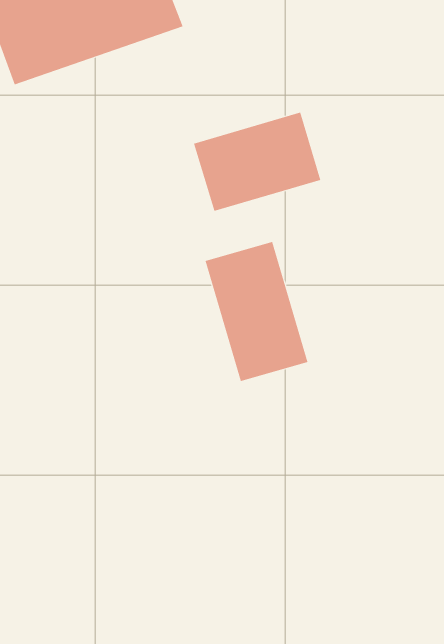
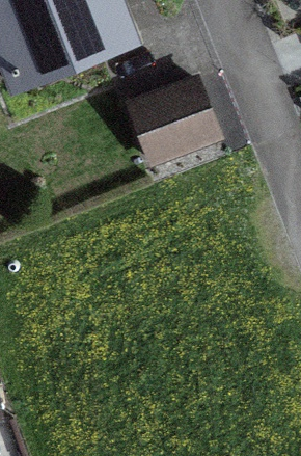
building: [205,241,308,382] -> none

